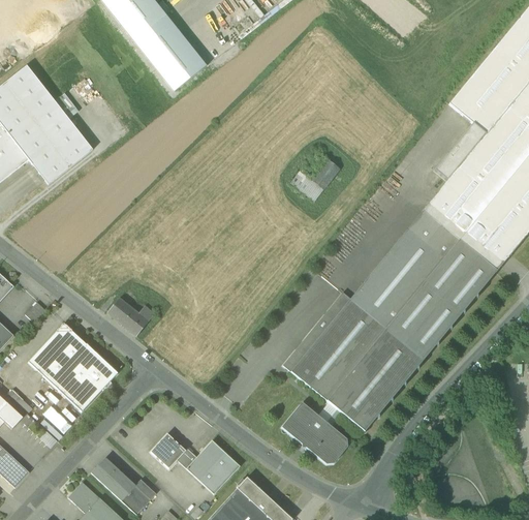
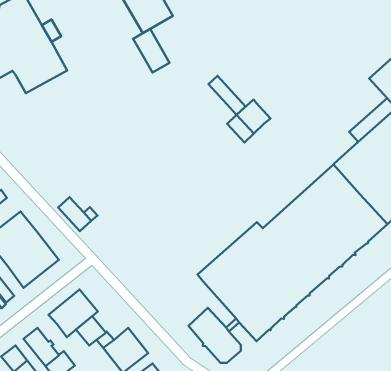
building: none -> [133,29,170,72]
building: none -> [208,76,246,115]
building: none -> [49,289,98,337]

